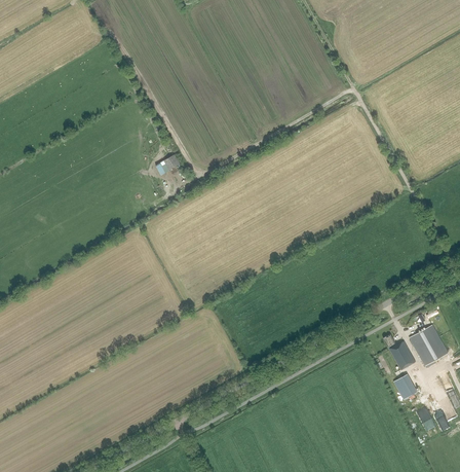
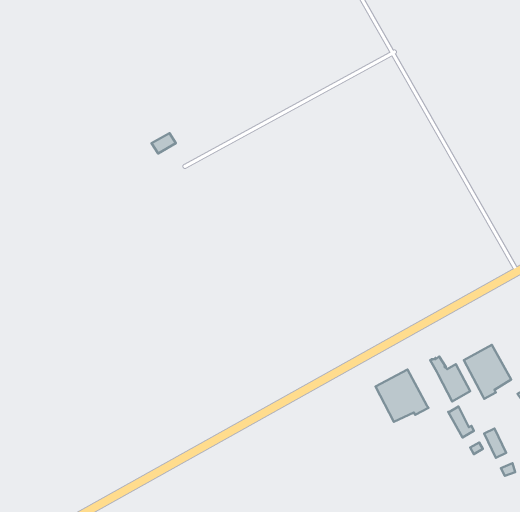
building: none -> [375,370,428,422]

